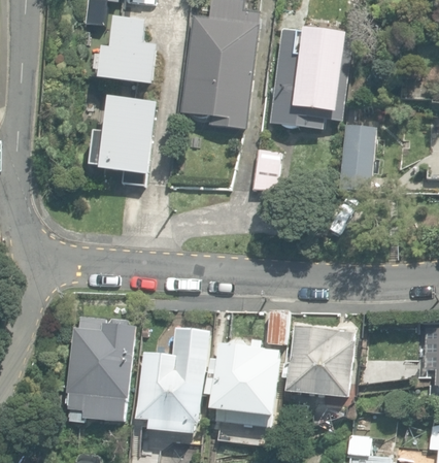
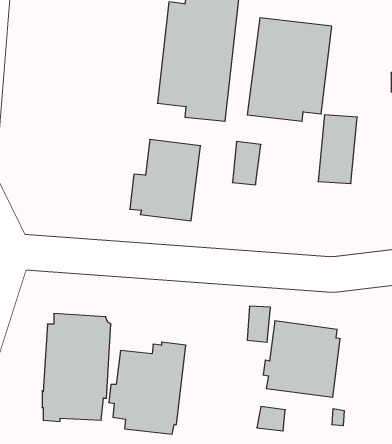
building: [98,19,156,85] -> none
building: [88,96,157,175] -> [130,139,201,221]
building: [205,338,281,427] -> none

